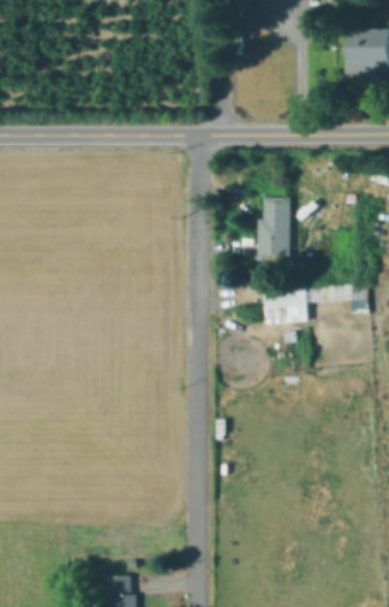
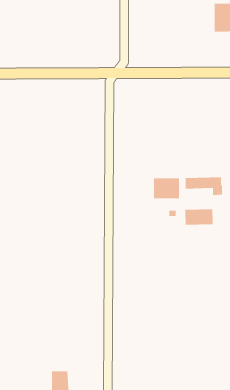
building: [255,203,289,259] -> none
building: none -> [185,209,213,226]

